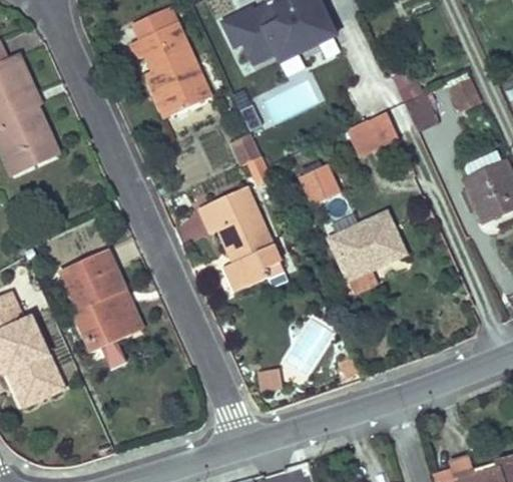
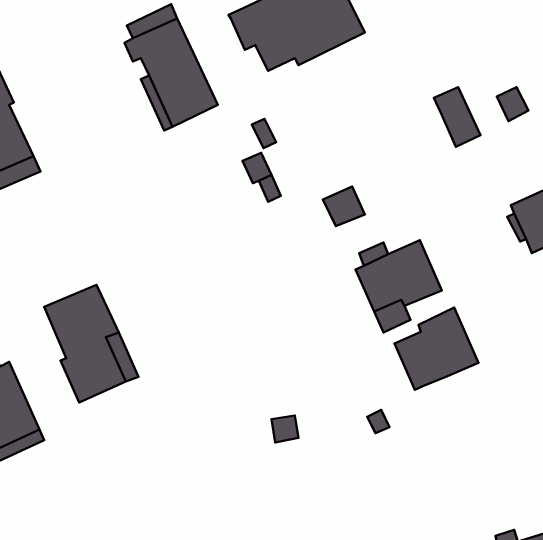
building: [348,114,398,157] -> none
building: [200,186,288,291] -> none
building: none -> [395,308,478,390]

